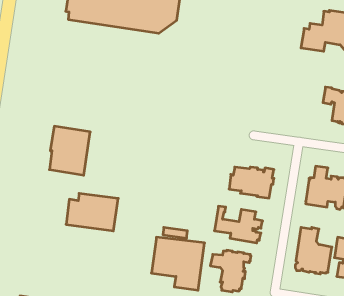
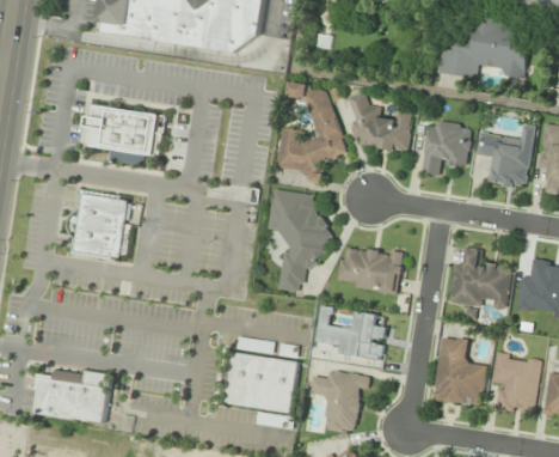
building: none -> [275,81,348,183]
building: none -> [346,93,410,152]
building: none -> [90,104,167,157]
building: none -> [420,122,469,175]
building: none -> [268,190,332,291]
building: [66,193,118,231] -> [37,367,113,422]

